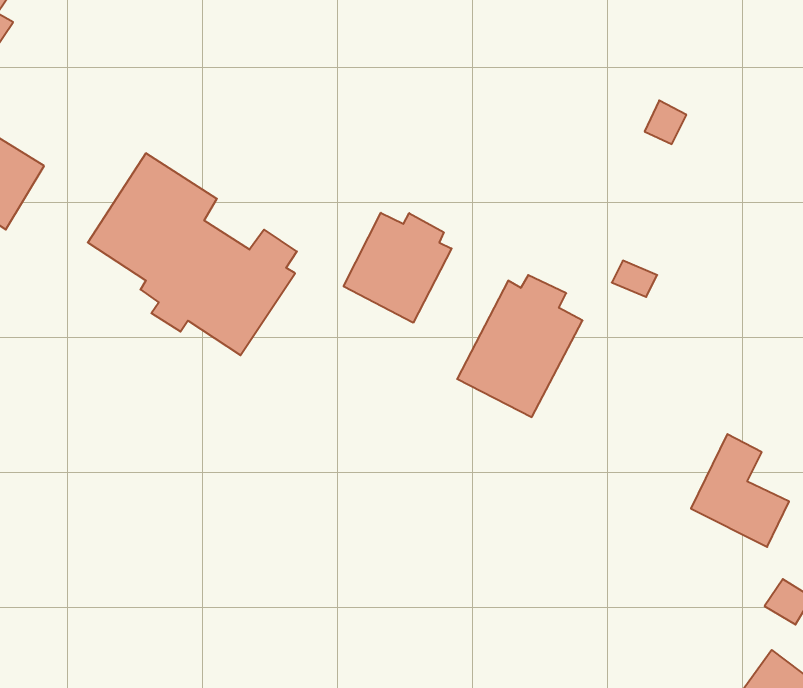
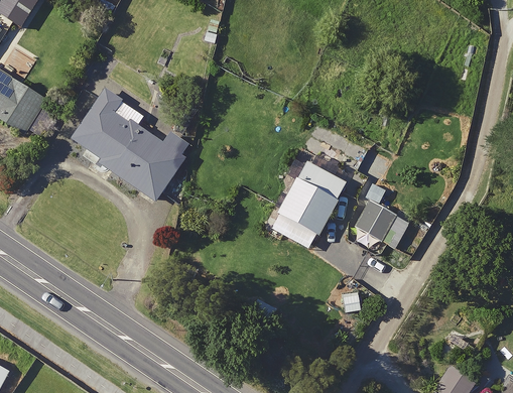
building: [344,213,452,323] -> none
building: [691,434,789,547] -> [353,184,407,247]

